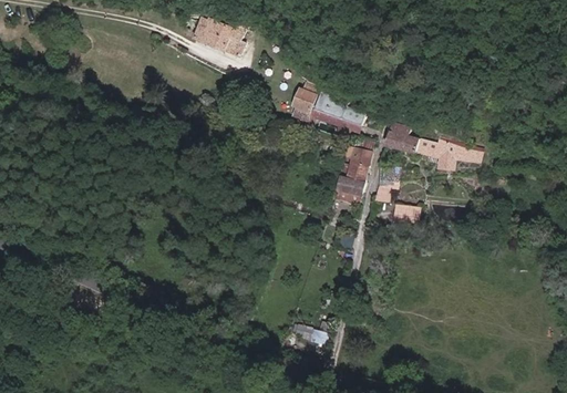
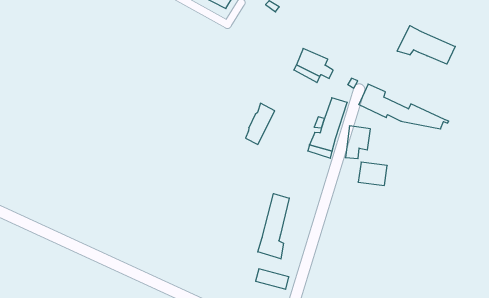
building: none -> [397,26,455,64]
building: [292,80,320,123] -> [246,103,275,144]
building: none -> [258,194,289,259]

